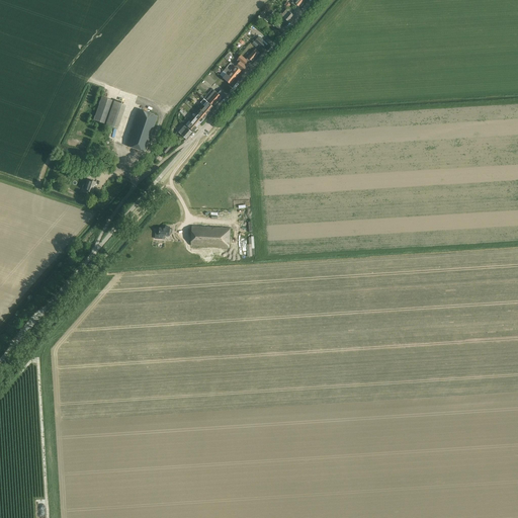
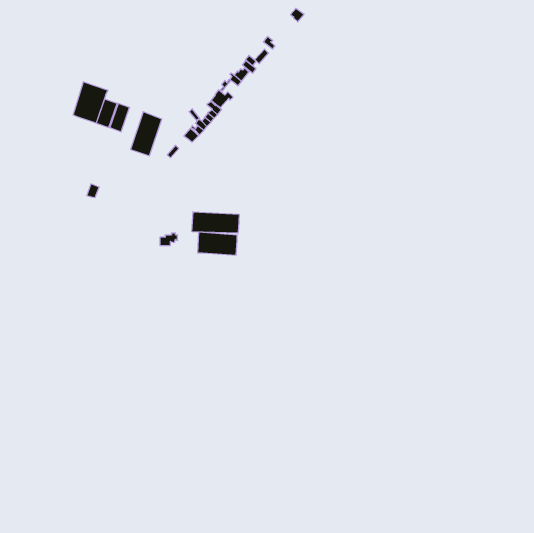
building: none -> [73,82,108,123]
building: none -> [192,212,239,233]

